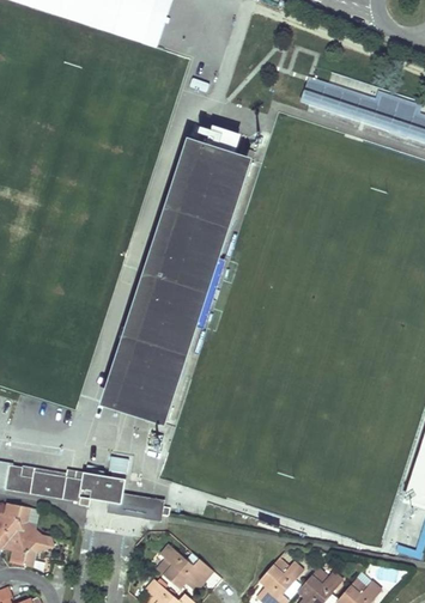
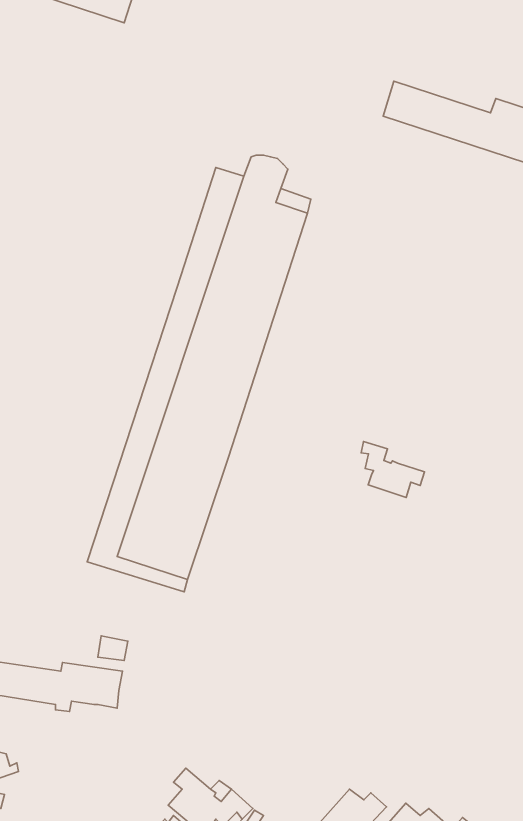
building: none -> [361,442,425,498]
building: [104,491,163,519] -> none

